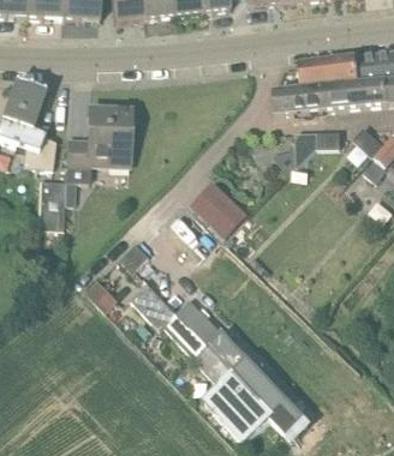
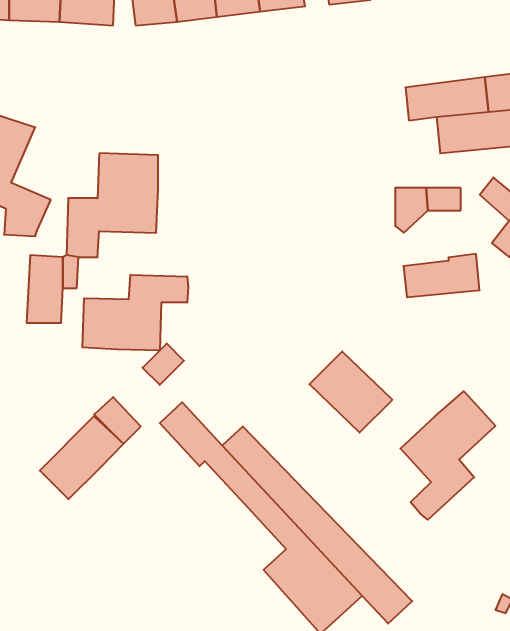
building: [274,83,327,113] -> [403,254,480,297]
building: [191,179,249,235] -> [309,351,392,433]
building: none -> [83,275,188,350]
building: none -> [400,391,495,520]
building: none -> [40,416,123,499]

